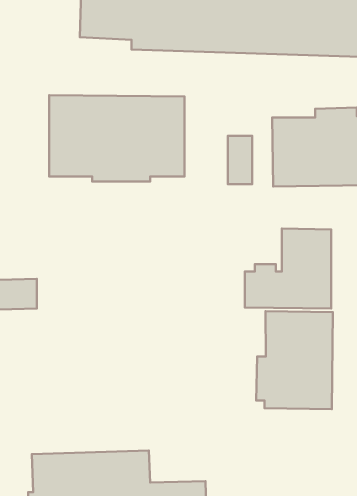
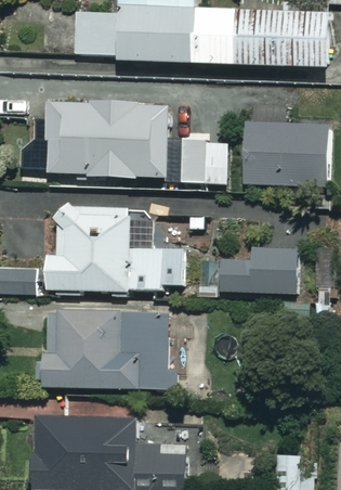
building: none -> [47,199,183,292]
building: [256,311,333,409] -> none
building: none -> [43,308,168,387]

